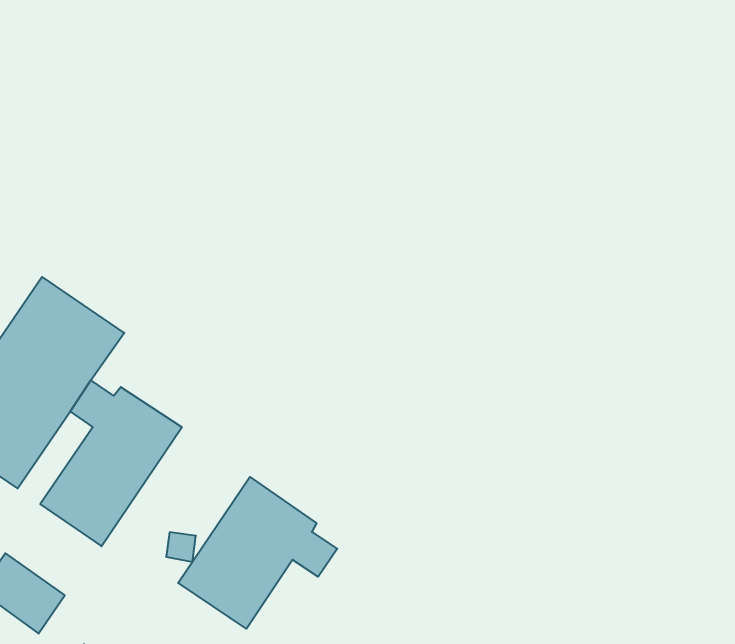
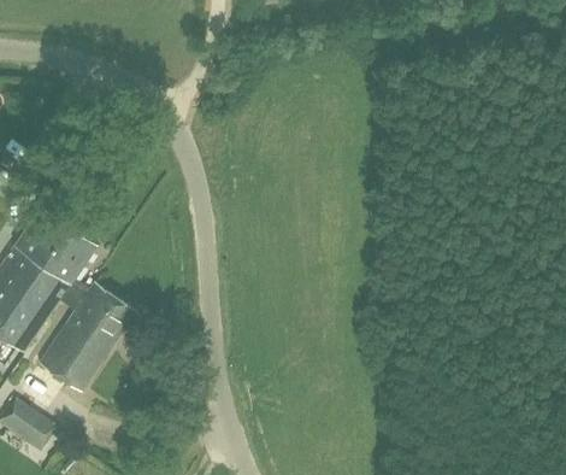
building: [178,477,337,629] -> none

